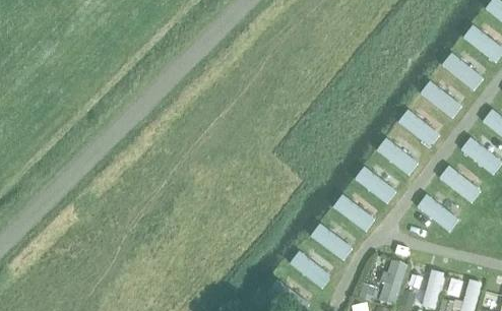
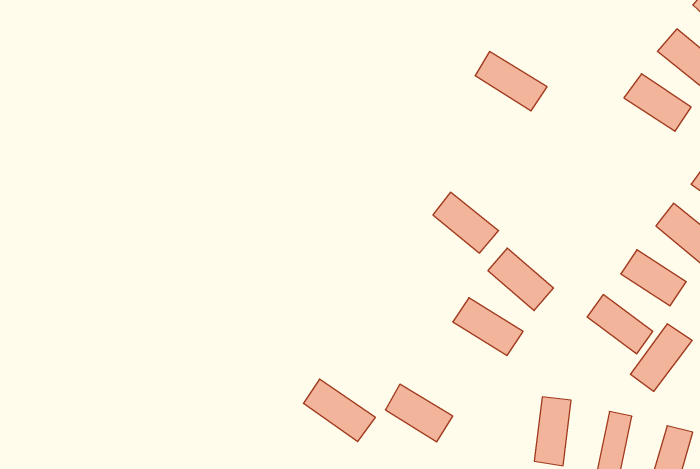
building: [419,81,464,119] -> [475,52,547,111]
building: [397,109,440,148] -> none
building: [376,136,418,175] -> [433,192,499,253]
building: none -> [630,324,692,391]
building: [310,222,356,261] -> [303,379,375,442]

